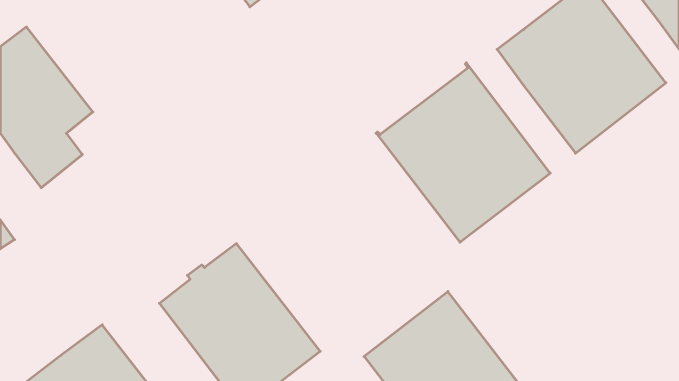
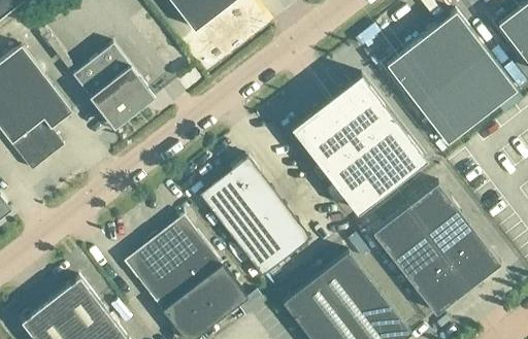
building: none -> [72,43,154,128]
building: none -> [199,157,311,276]
building: none -> [372,182,500,314]

